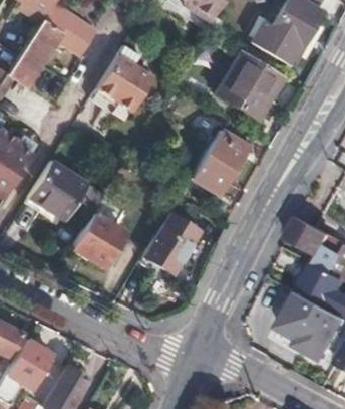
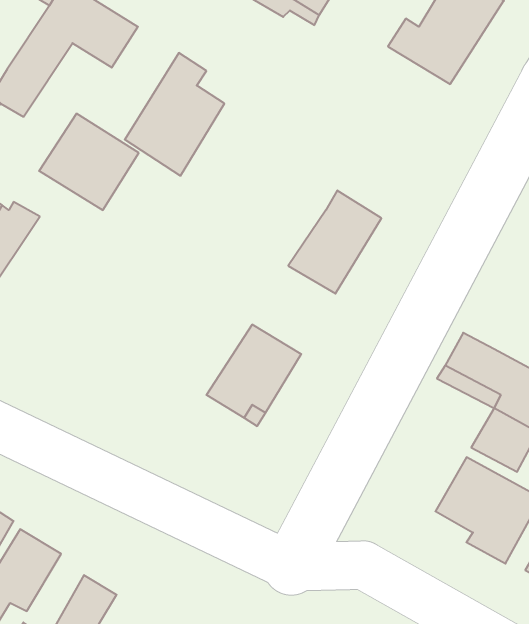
building: [215,50,284,121] -> none
building: [27,162,88,221] -> [39,114,139,210]
building: [71,201,123,268] -> none

